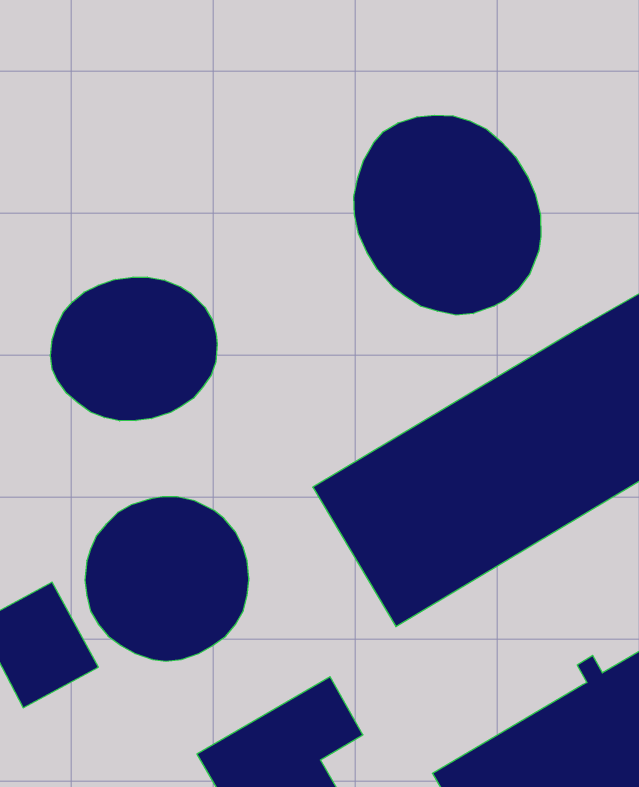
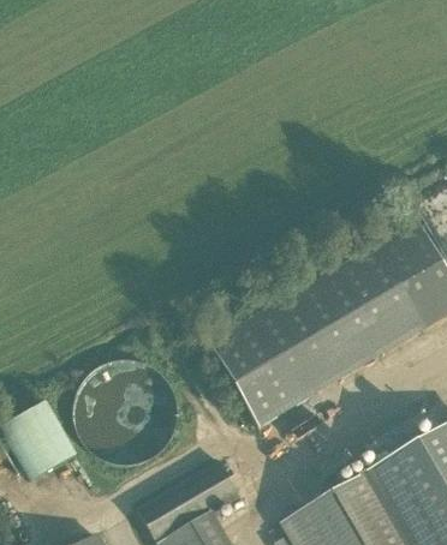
building: [354,115,541,315] -> none
building: [50,277,217,421] -> none

